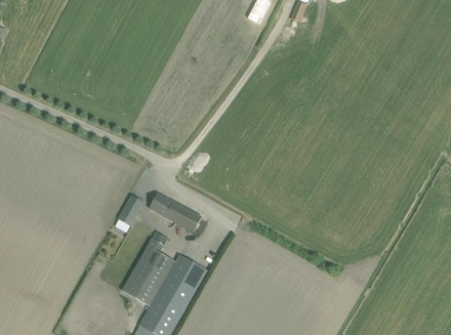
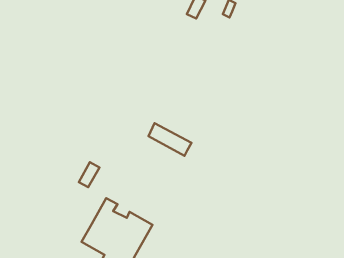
building: [151,193,202,232] -> [149,123,191,156]

